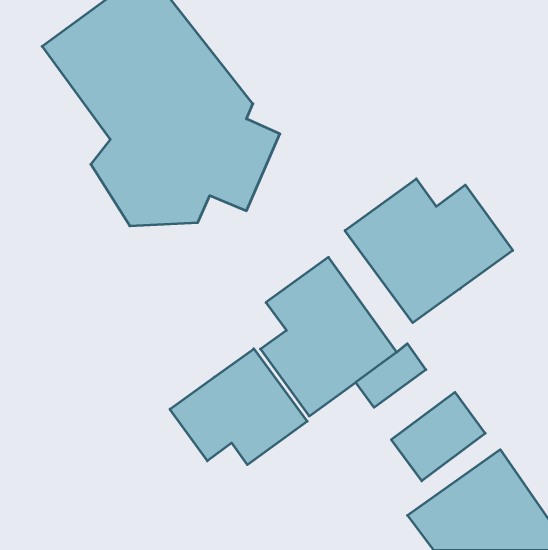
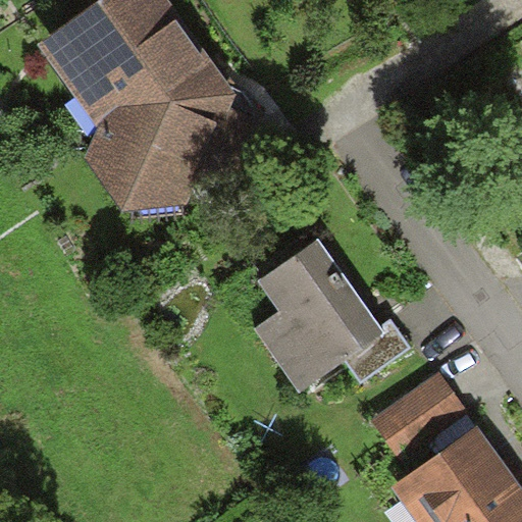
building: [345,179,513,323] -> none
building: [170,349,307,465] -> none

